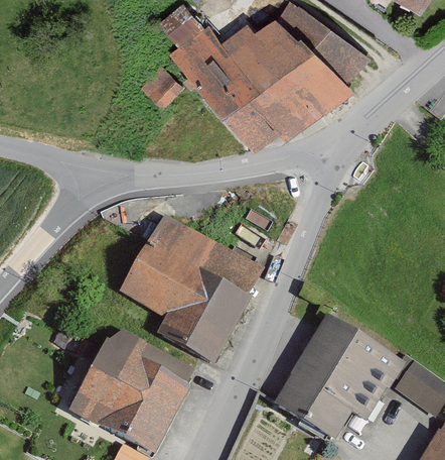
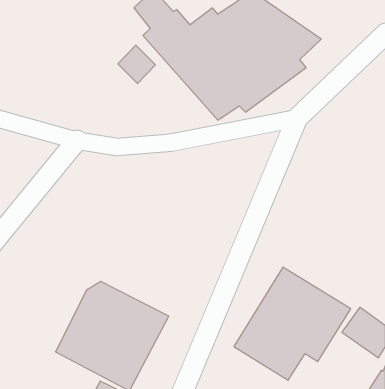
building: [122,213,268,357] -> none

